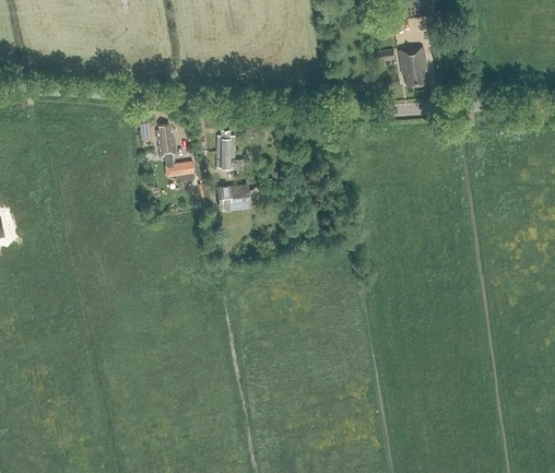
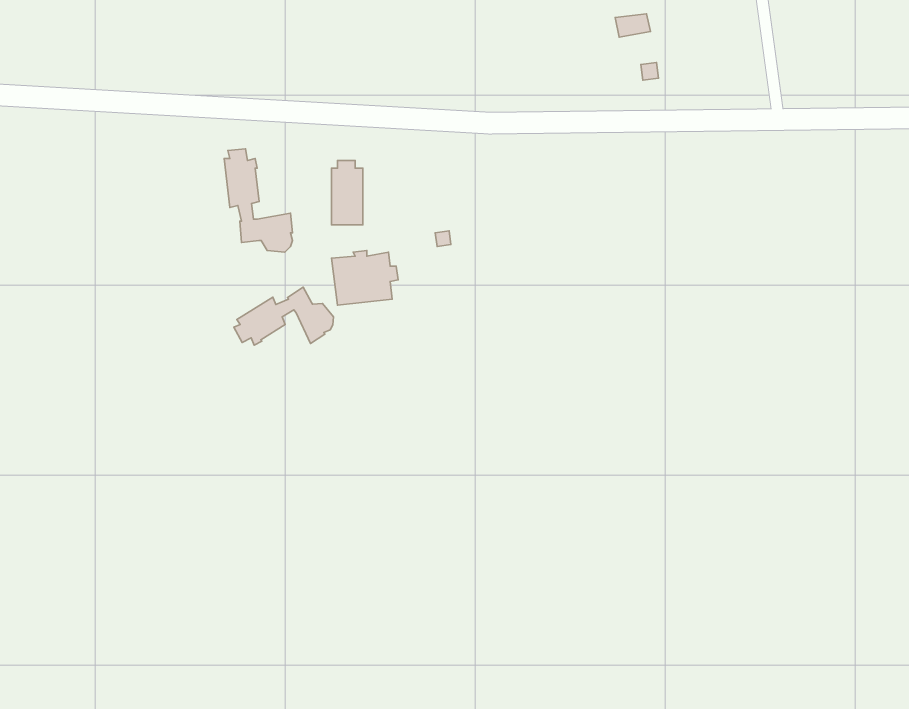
building: [400,47,427,85] -> none
building: none -> [234,287,334,345]

